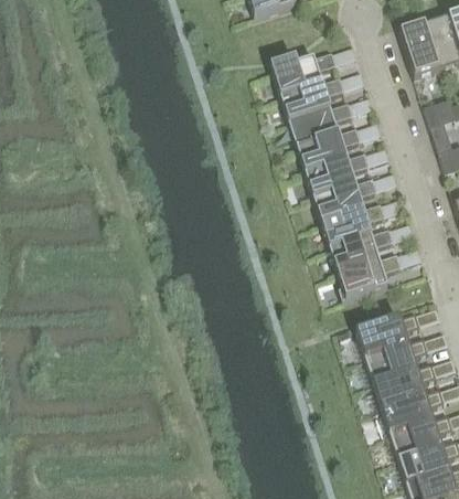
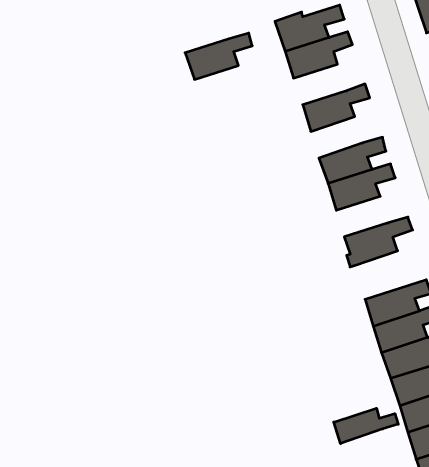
building: [290,102,354,146] -> [185,33,252,79]
building: [307,151,371,197] -> none
building: [331,227,395,272] -> none
building: none -> [334,408,398,444]

